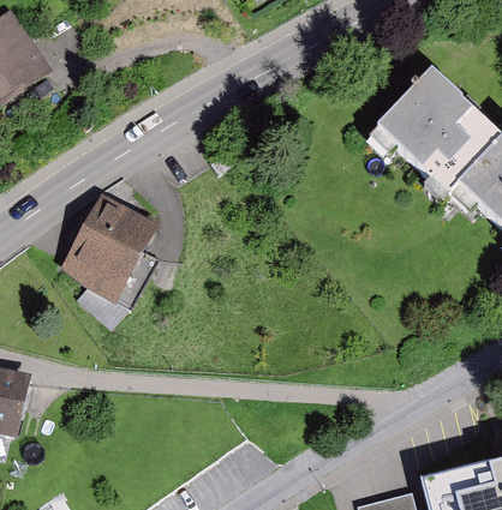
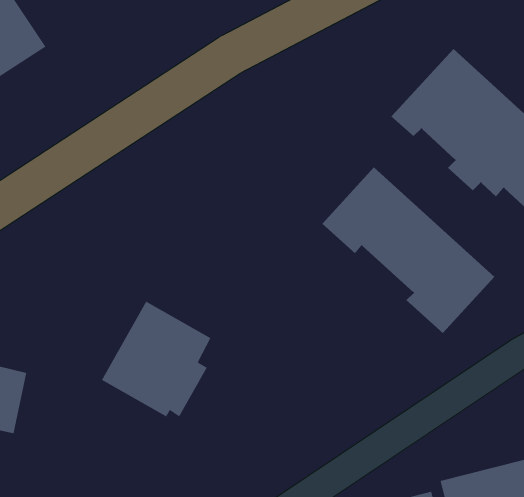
building: none -> [321,167,495,334]
building: [60,191,163,300] -> [101,300,212,418]

